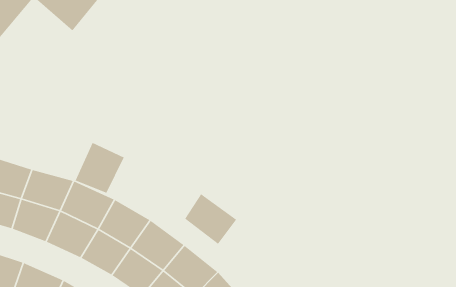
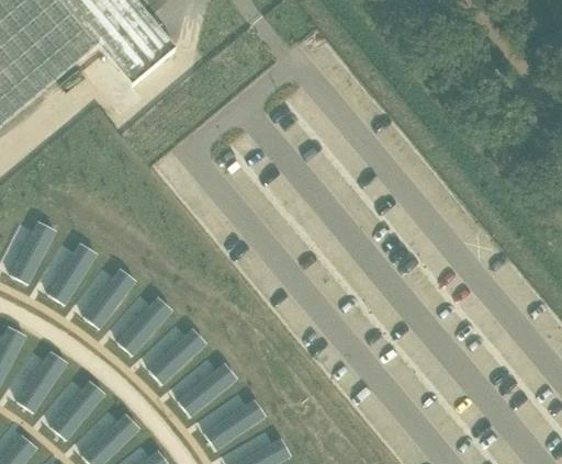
building: [74,142,125,194] -> none
building: [184,193,237,245] -> none

